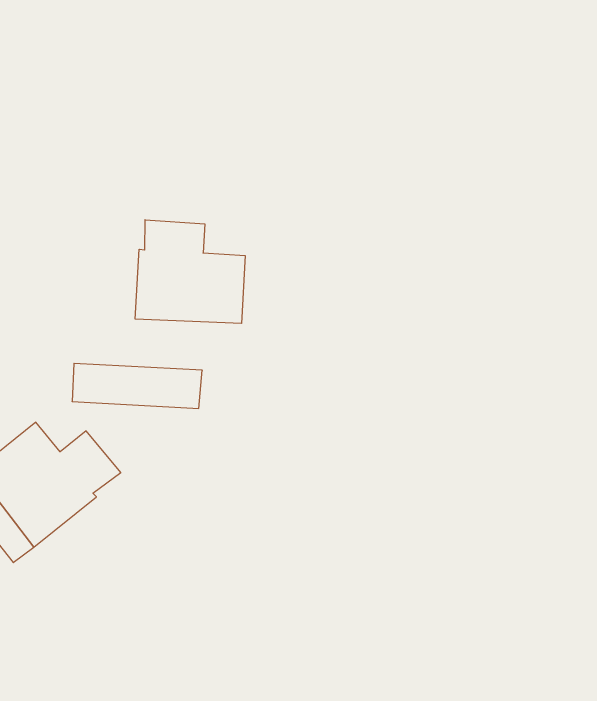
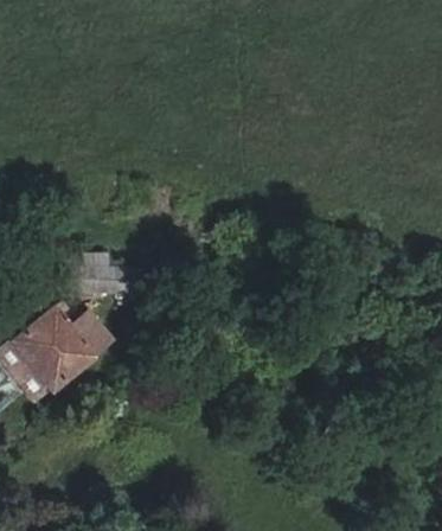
building: [135,220,245,323] -> none

